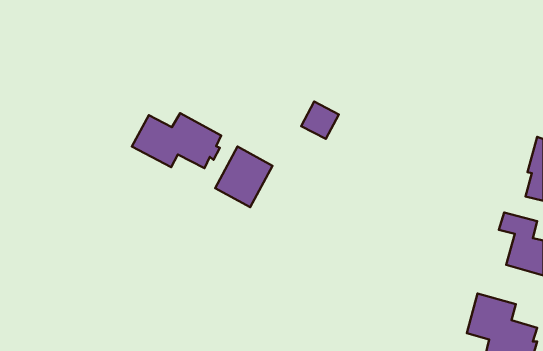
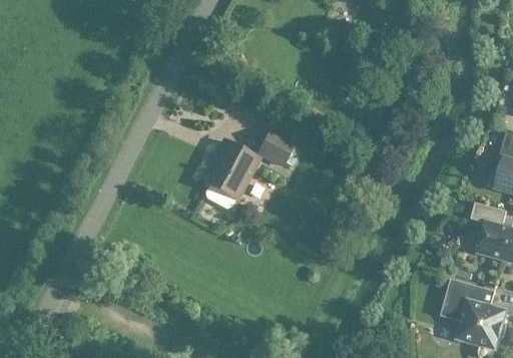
building: [301,102,339,139] -> [259,129,294,164]
building: [132,113,221,168] -> none

